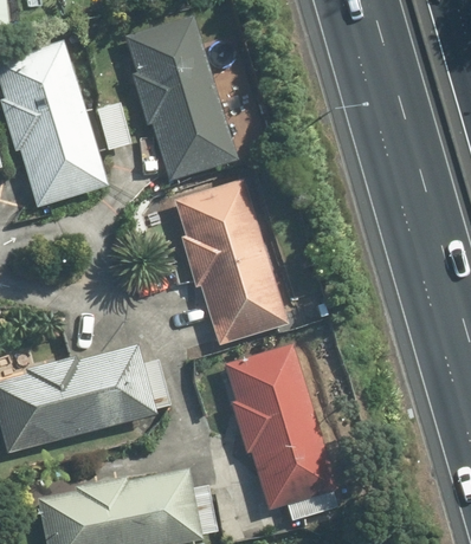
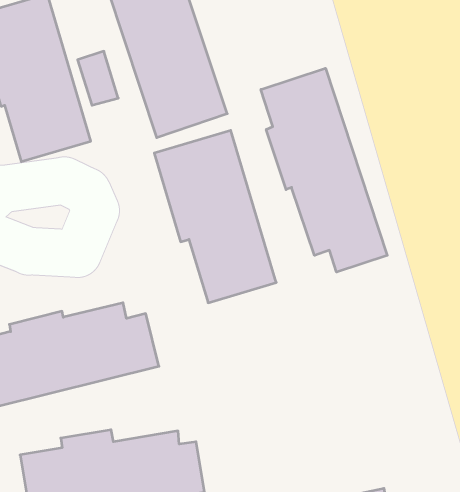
building: none -> [261,68,387,272]
building: [224,342,338,522] -> none

